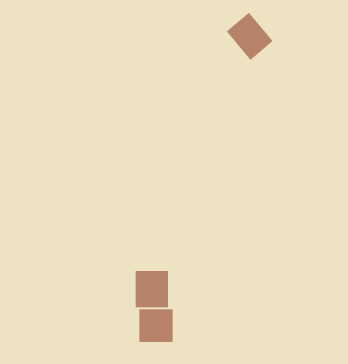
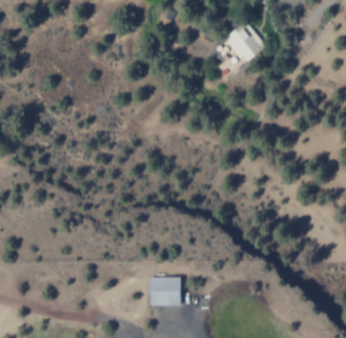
building: [135,270,169,308] -> none

